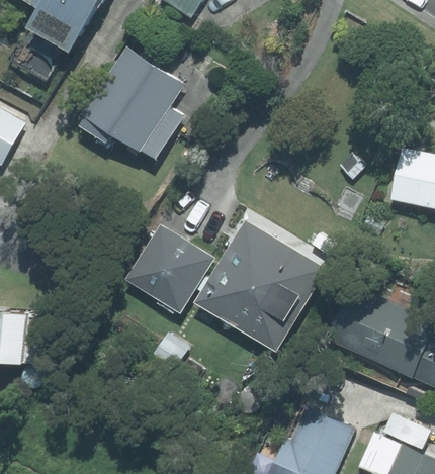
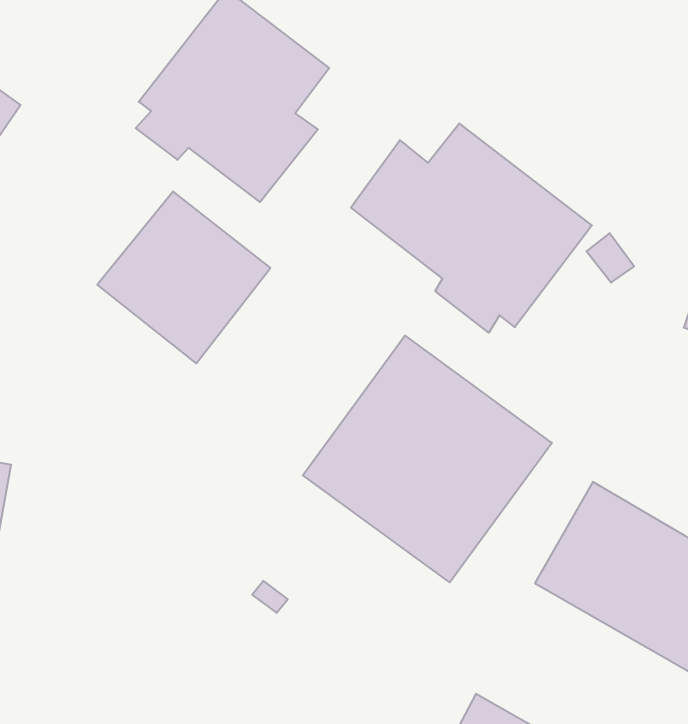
building: none -> [351,123,592,333]
building: [123,224,214,314] -> [97,191,270,363]

